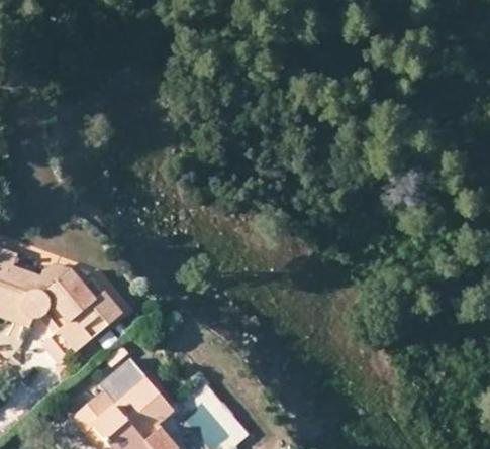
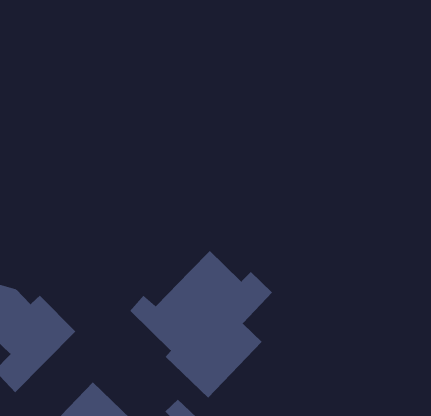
building: none -> [130,250,273,398]

